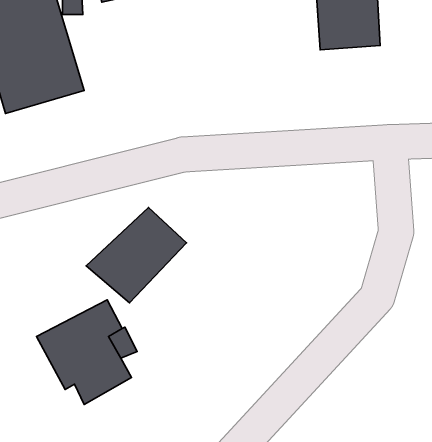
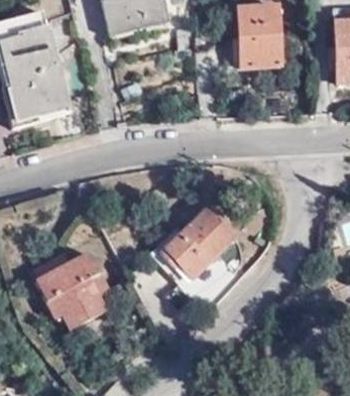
building: [86,208,187,303] -> [161,206,236,276]

